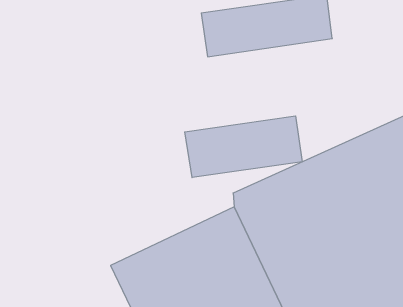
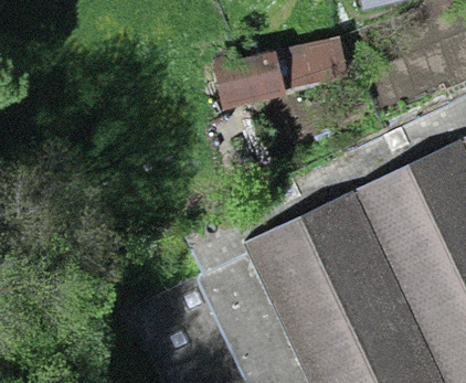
building: [185,116,302,178] -> none

